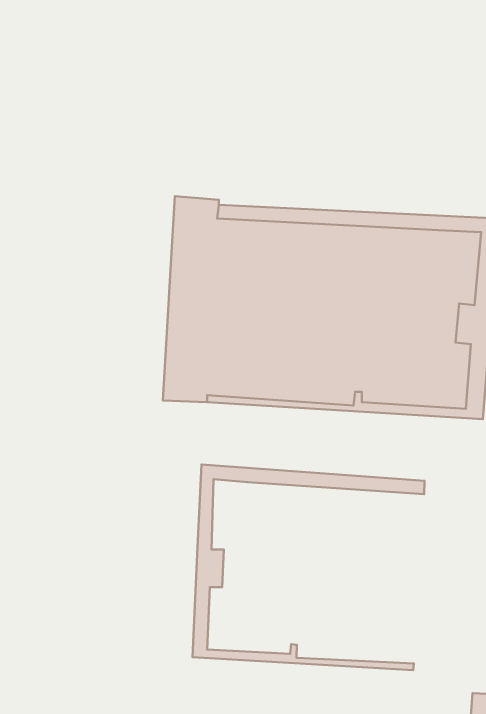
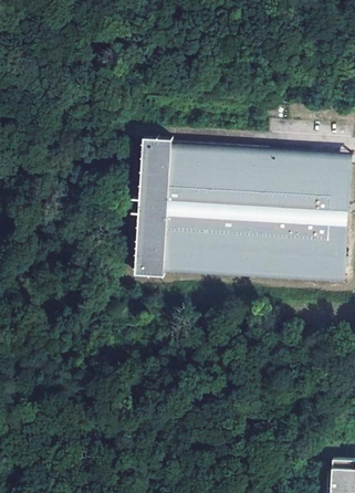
building: [193,464,424,670] -> none

